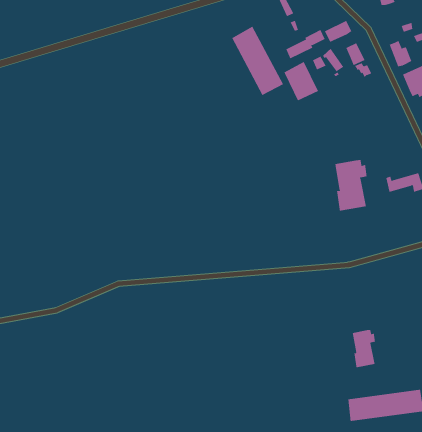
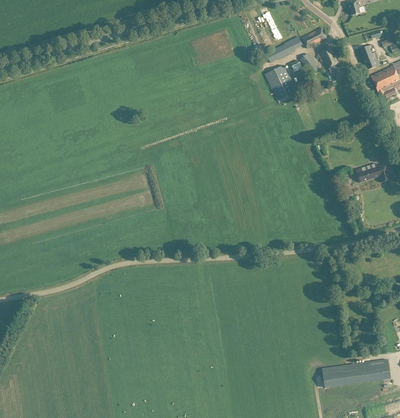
building: [231,26,284,96] -> none
building: [335,159,367,212] -> none
building: [352,329,375,368] -> none

